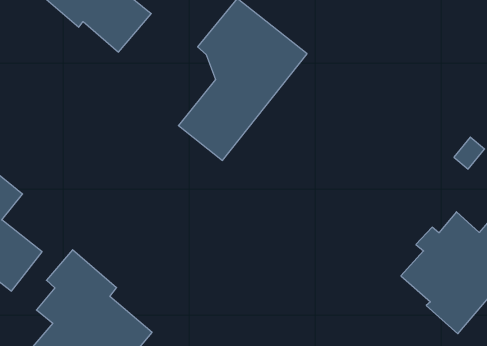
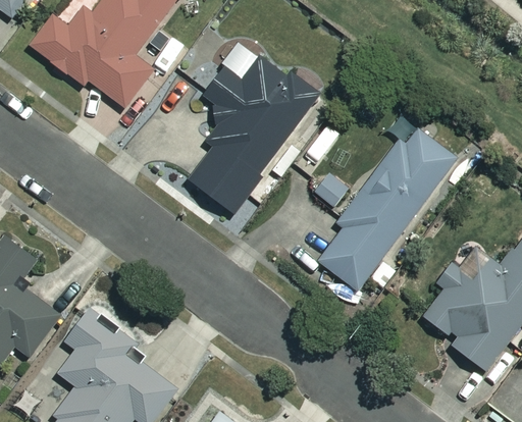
building: none -> [318,124,457,291]

